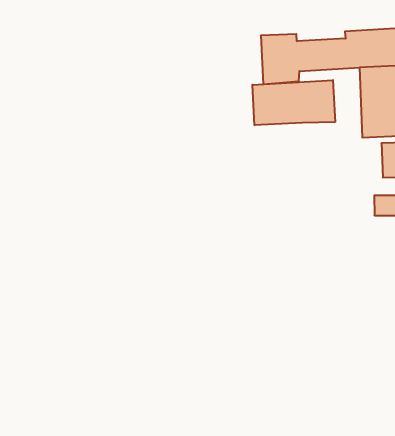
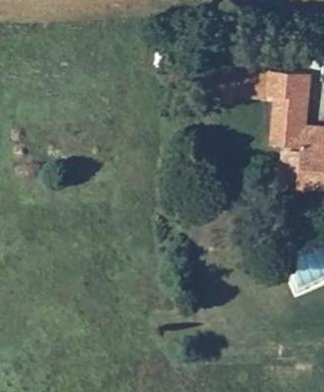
building: [252,80,335,125] -> none

